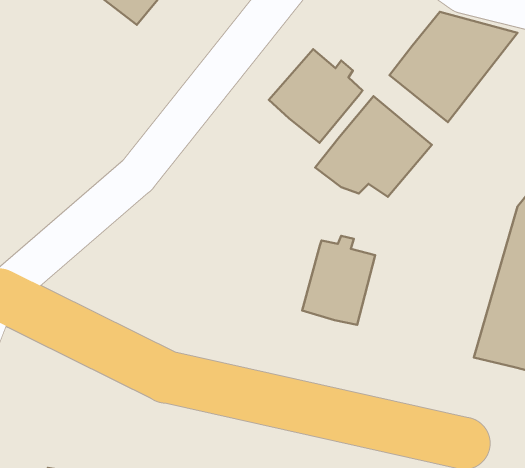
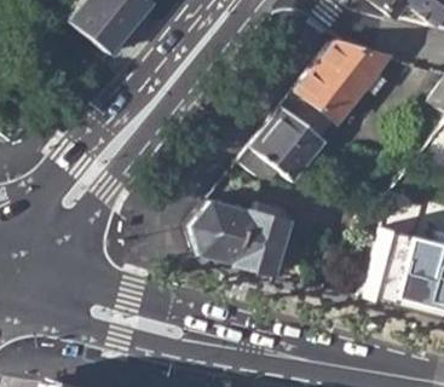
building: [269,49,362,143] -> none
building: none -> [186,200,247,264]

